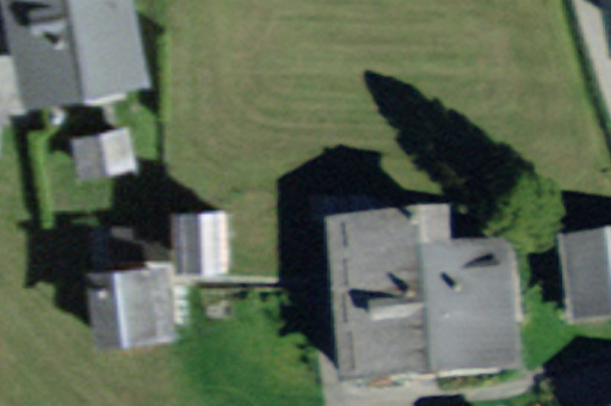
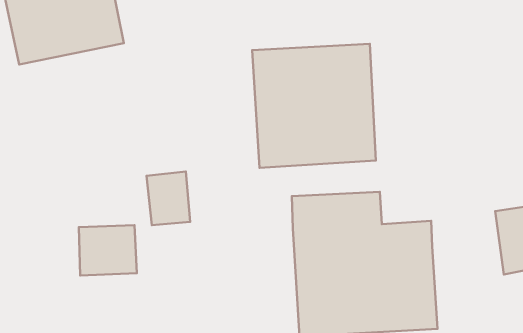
building: none -> [252,44,376,168]

